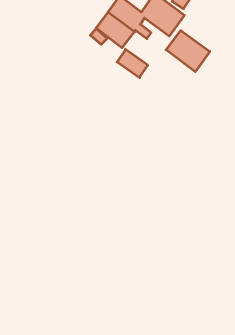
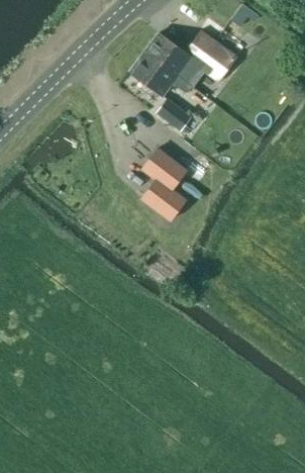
building: [166,31,210,72] -> none
building: none -> [139,152,187,224]

